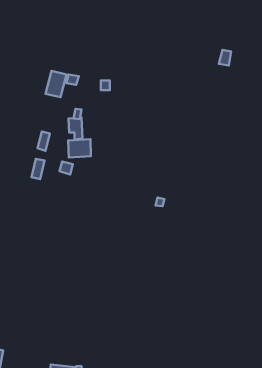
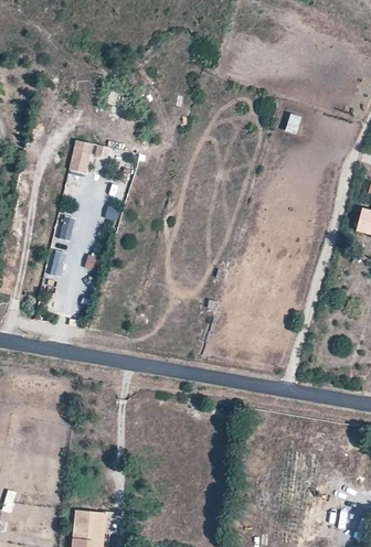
building: [68,139,91,157] -> none

